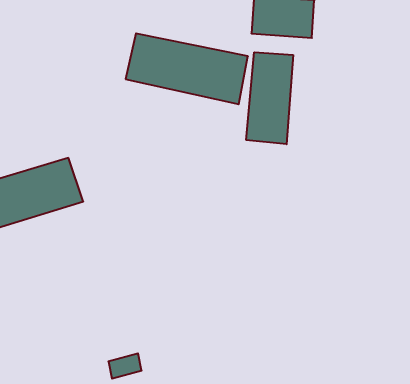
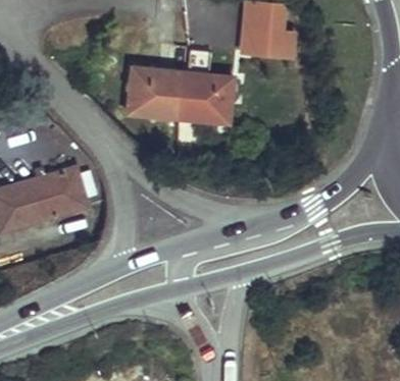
building: [246,52,293,144] -> none

